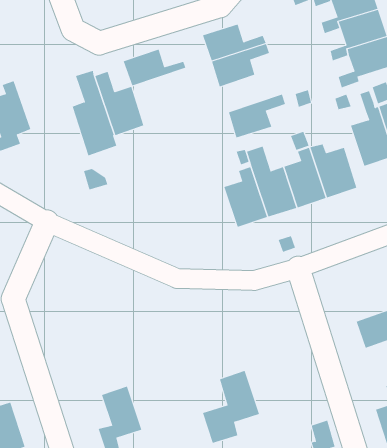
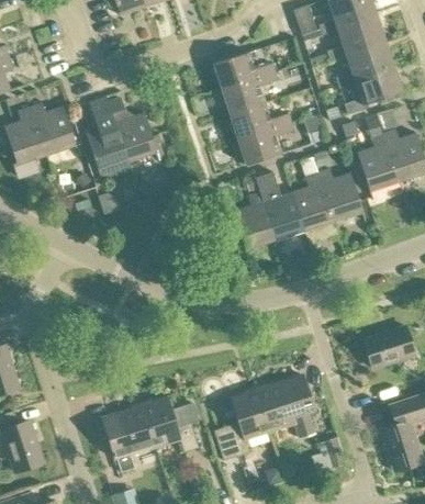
building: [123,49,186,86] -> [231,102,292,138]
building: none -> [32,103,78,155]
building: none -> [256,373,315,438]
building: none -> [142,396,200,452]

